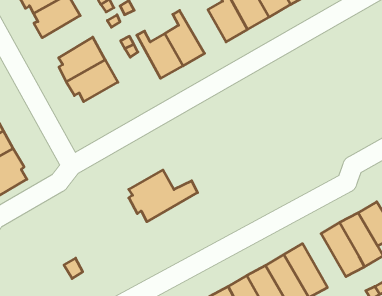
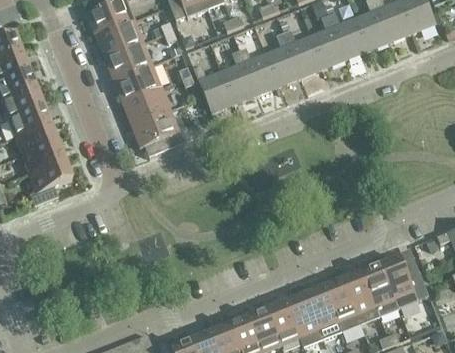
building: none -> [239,47,279,93]
building: none -> [105,41,153,78]
building: [129,170,198,222] -> [135,109,201,156]
building: none -> [325,279,362,331]

